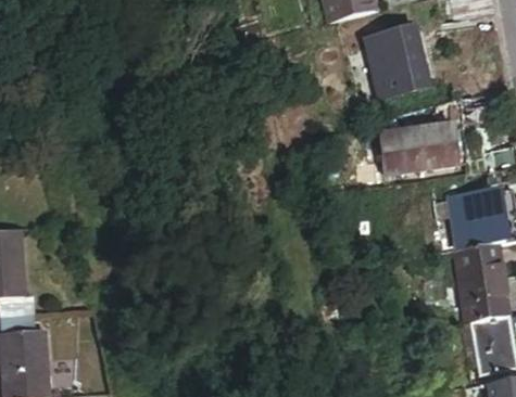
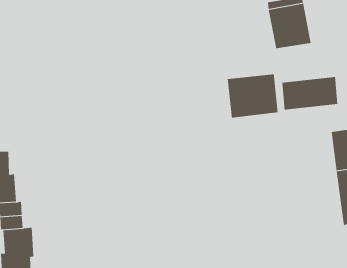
building: none -> [227,73,278,119]

